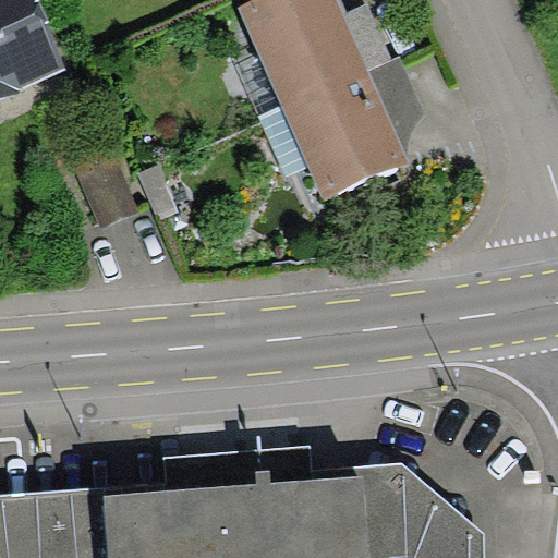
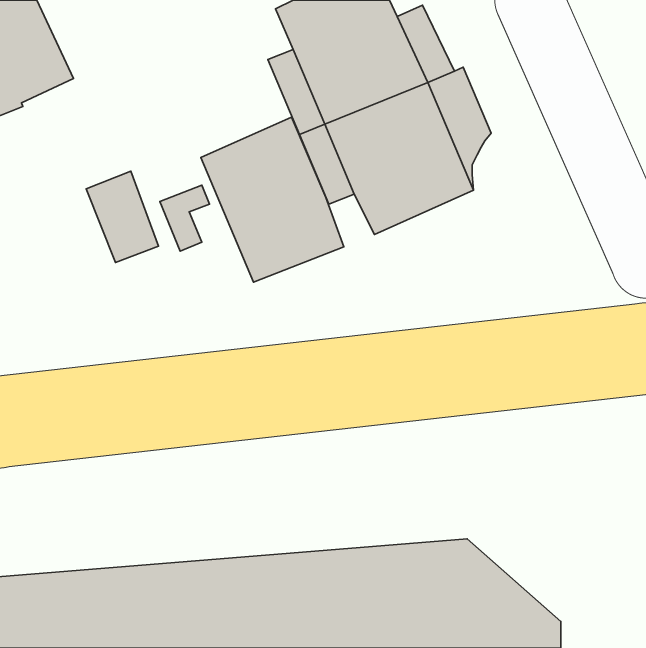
building: none -> [201,117,344,282]

